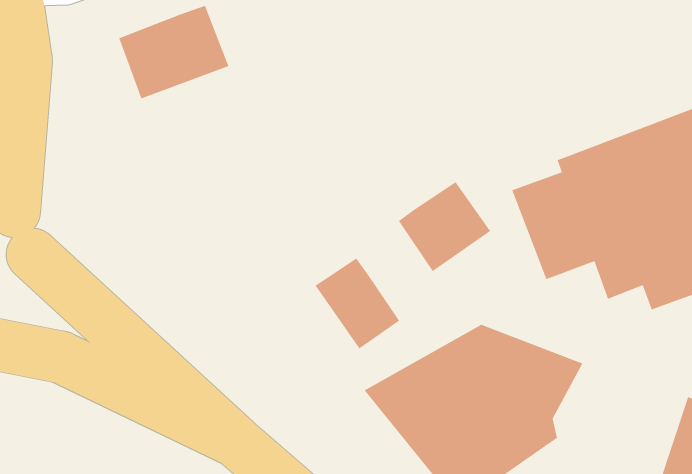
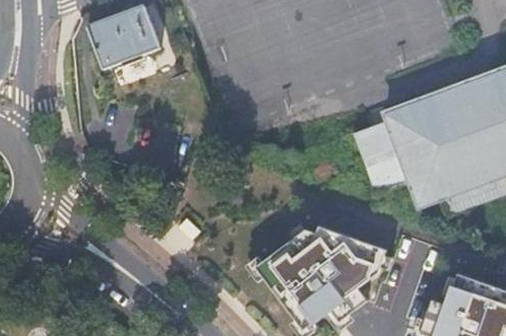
building: [398,181,491,272] -> none
building: [315,257,400,350] -> none

